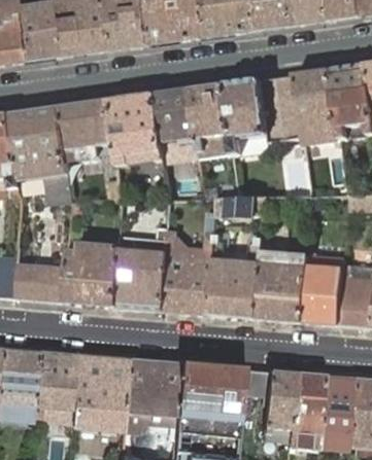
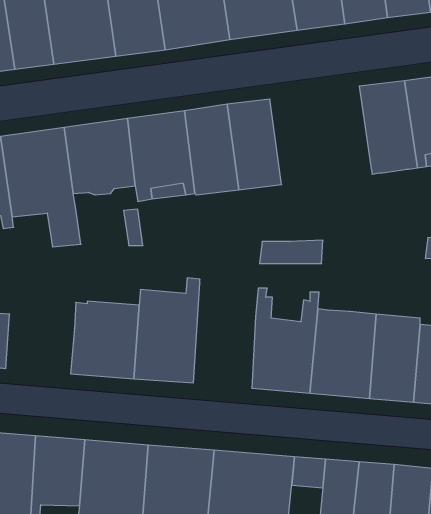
building: [226,74,306,155] -> none
building: [165,231,216,314] -> none
building: [15,262,70,303] -> none

